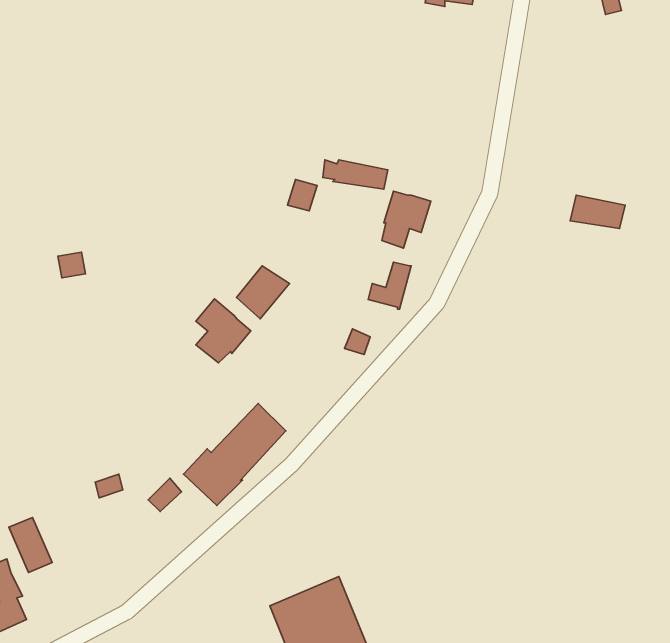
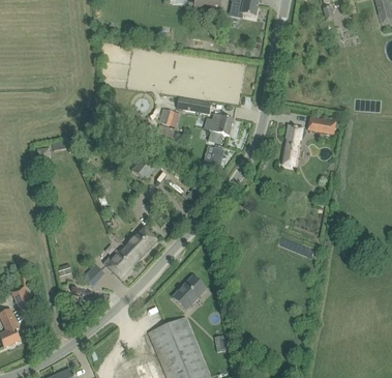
building: none -> [281,123,302,166]
building: [196,299,251,363] -> none
building: none -> [172,274,207,309]

